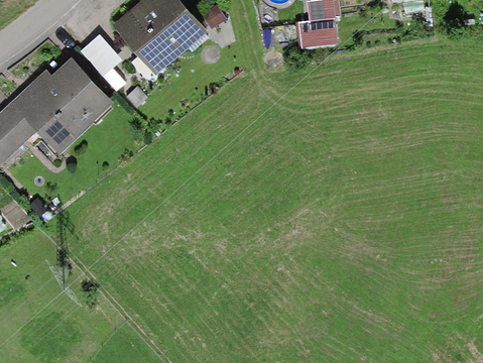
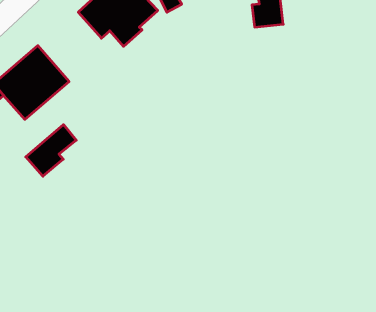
building: [85,40,127,83] -> none
building: none -> [26,125,76,176]

